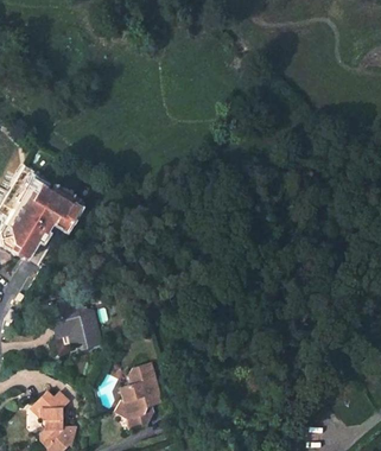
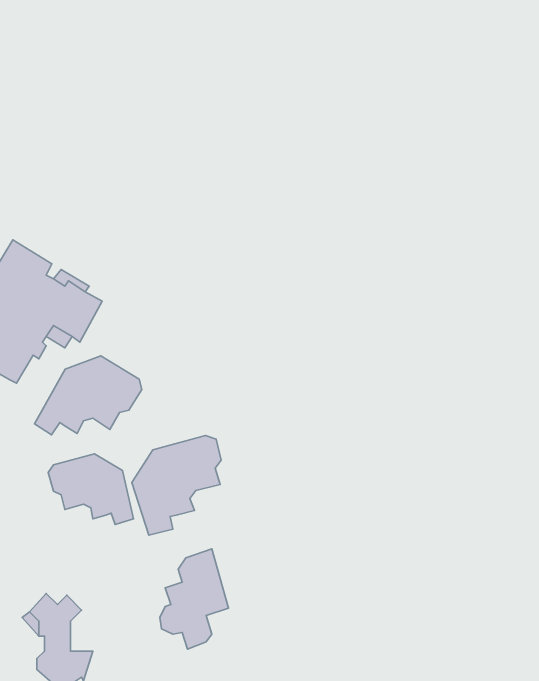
building: none -> [34,356,142,435]
building: none -> [132,435,221,535]

